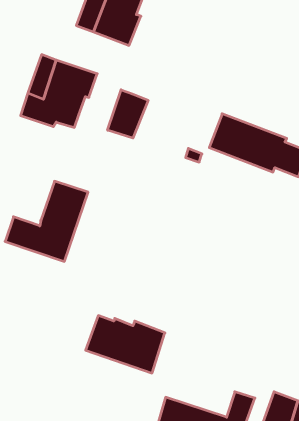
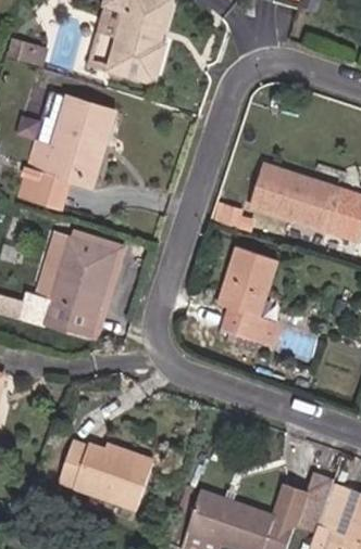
building: [108,90,148,138] -> none
building: none -> [16,161,67,208]
building: none -> [213,239,278,336]
building: [86,316,165,373] -> [55,446,150,514]

